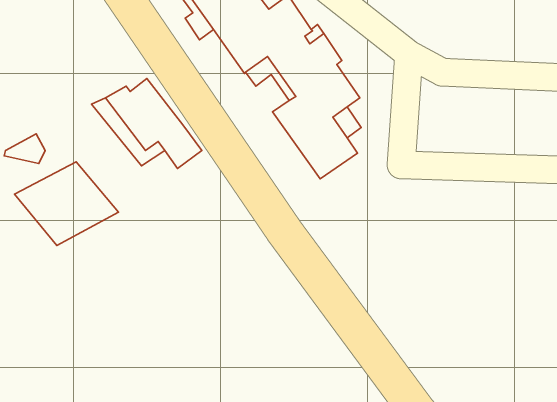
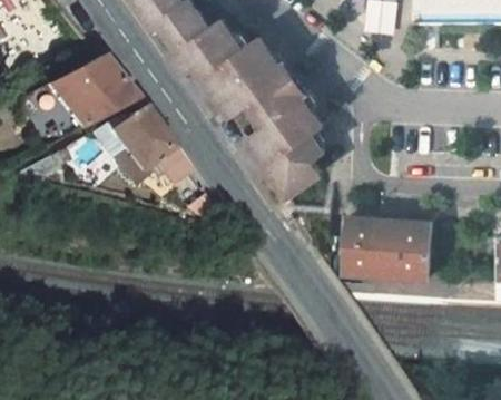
building: [14,162,118,246] -> [45,57,135,129]
building: none -> [346,216,433,277]

